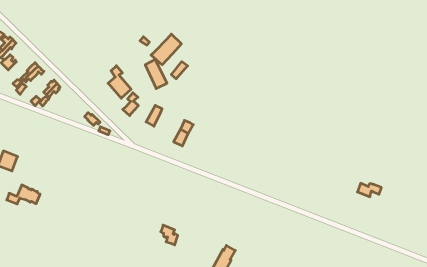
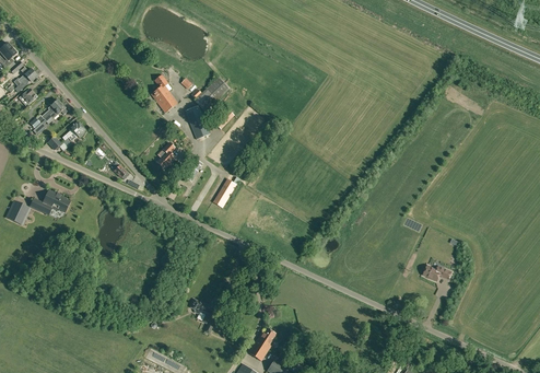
building: [108,66,131,98] -> [151,74,177,113]
building: [7,185,40,204] -> [31,189,70,212]

